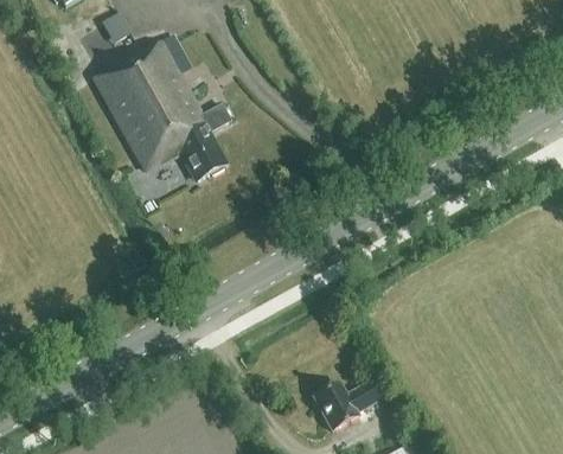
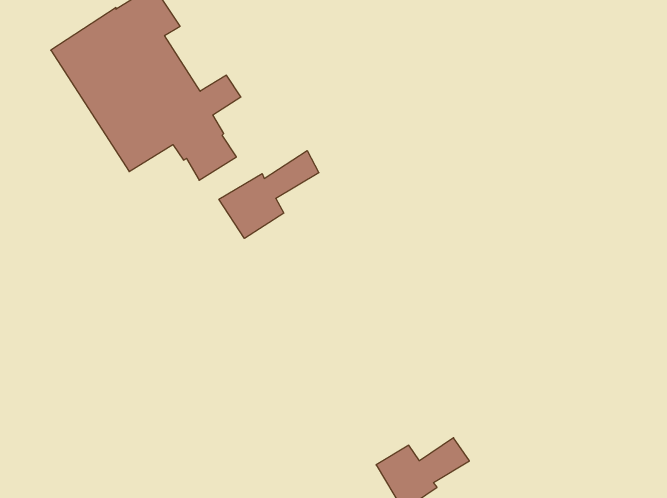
building: none -> [219,151,319,238]

